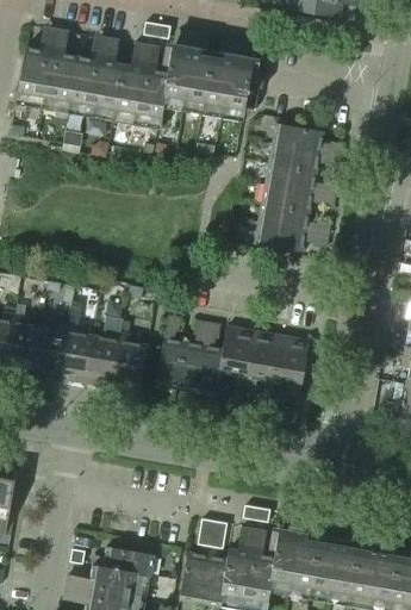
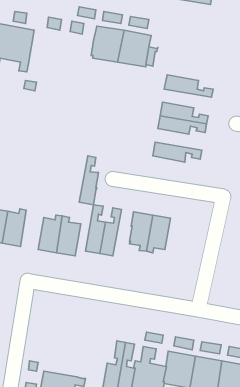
building: [70,56,167,122] -> none
building: [269,144,342,172] -> none
building: [259,203,330,235] -> none
building: [195,323,224,396] -> [79,156,98,205]
building: [58,324,93,382] -> none
building: [273,336,310,396] -> none
building: [93,546,154,574] -> none

